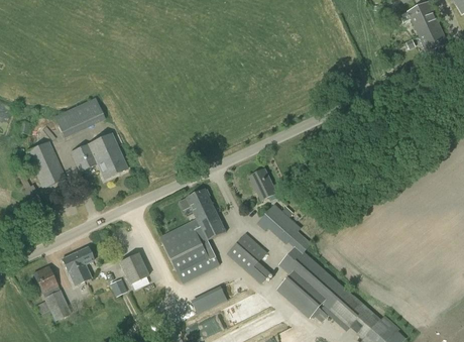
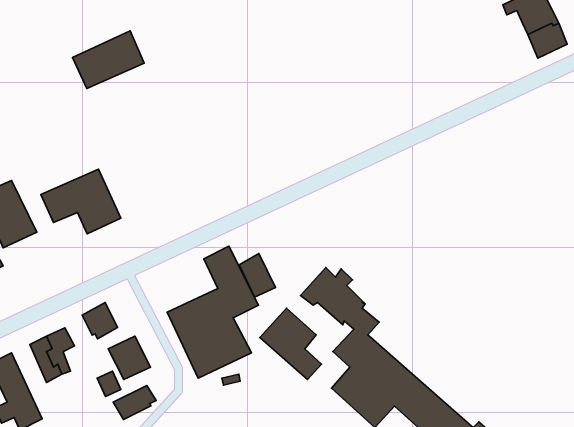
building: [53,96,105,137] -> [73,31,144,88]
building: [250,167,276,199] -> [239,254,276,297]
building: none -> [82,302,117,339]
building: [191,284,228,313] -> none
building: none -> [113,385,156,419]

